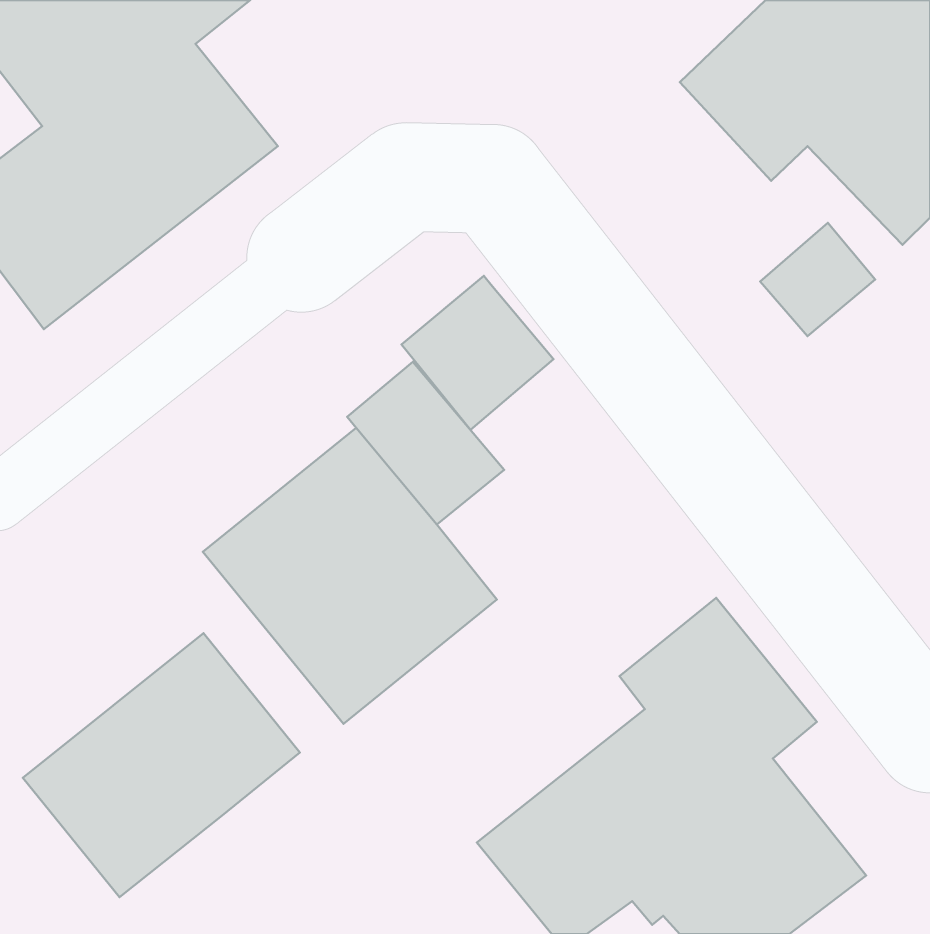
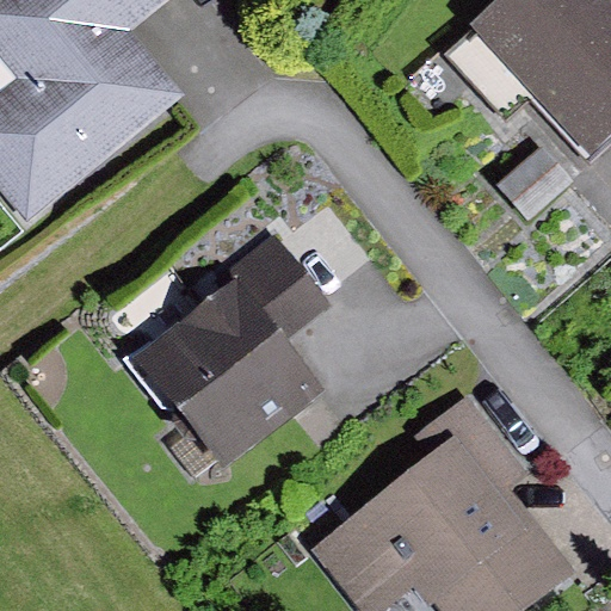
building: [401,276,554,430] -> none
building: [23,633,300,897] -> none

